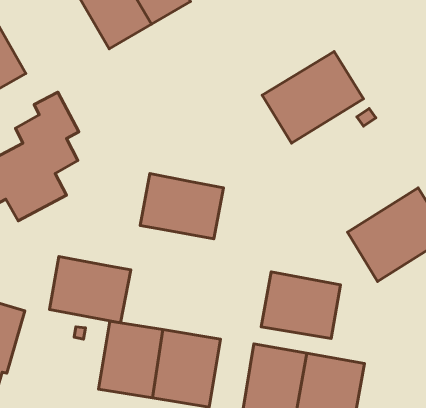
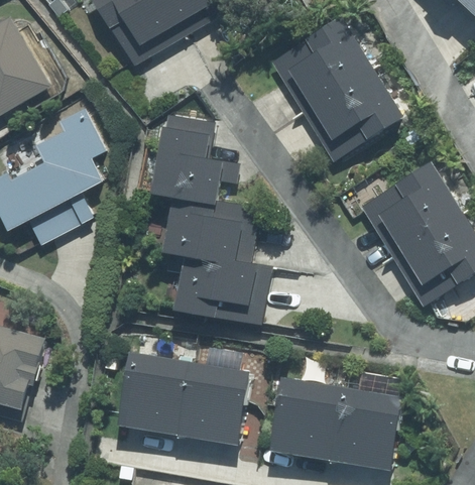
building: none -> [268,14,375,111]
building: none -> [157,115,234,203]
building: none -> [359,161,465,257]
building: [50,257,131,323] -> [183,254,269,325]
building: [261,272,341,339] -> none

